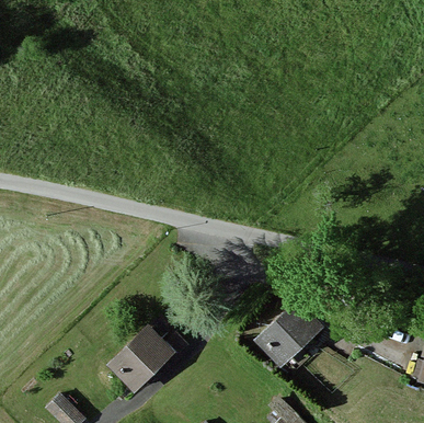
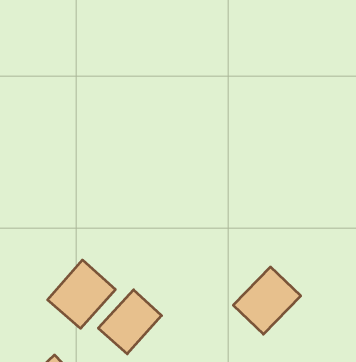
building: none -> [48,260,115,328]

